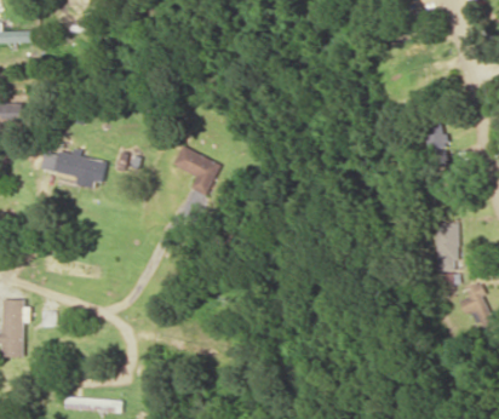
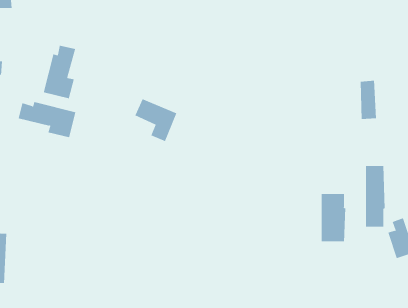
building: none -> [43,45,76,99]
building: none -> [321,193,346,242]

